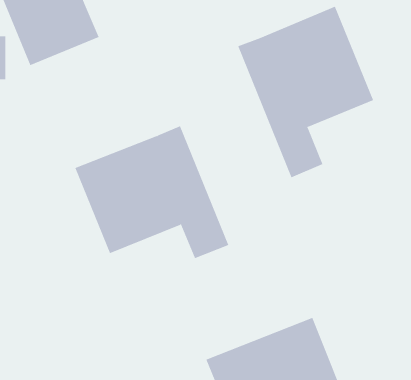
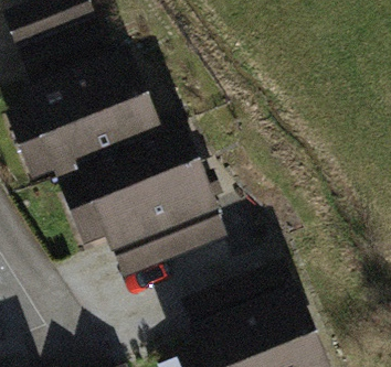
building: [237,6,374,178] -> none
building: none -> [29,69,154,183]

